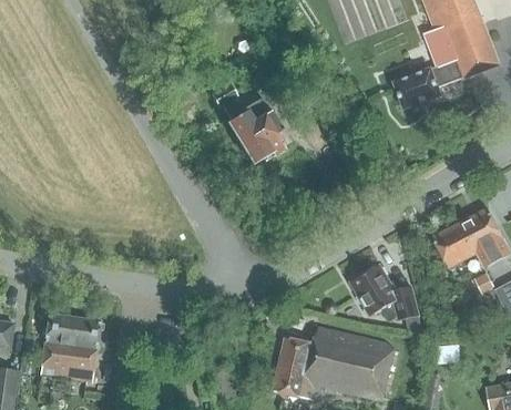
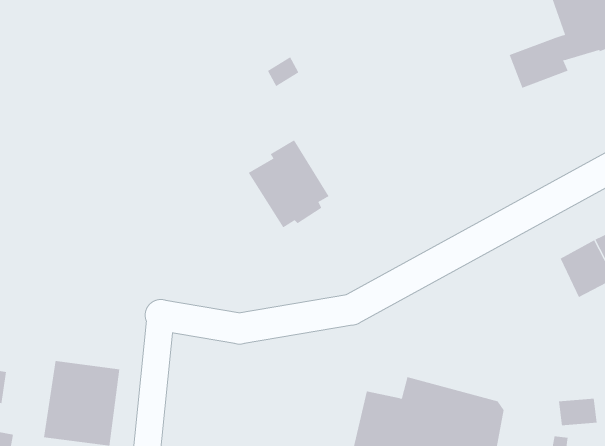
building: [226,95,288,163] -> [248,140,329,228]
building: [350,264,417,320] -> none

